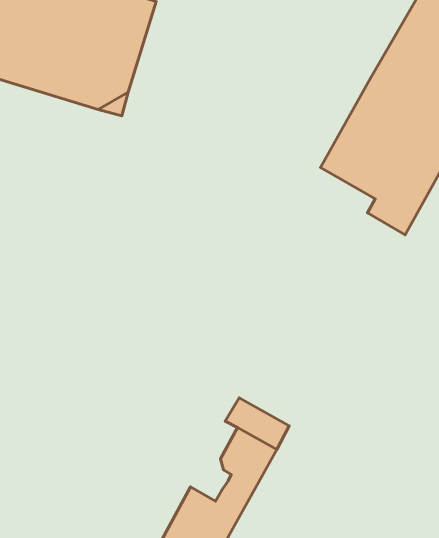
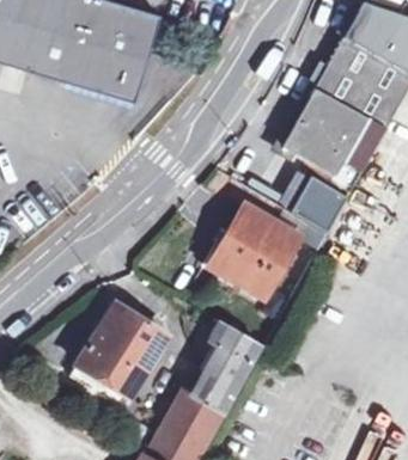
building: none -> [293,173,348,228]
building: none -> [215,202,300,294]
building: none -> [71,302,168,404]

